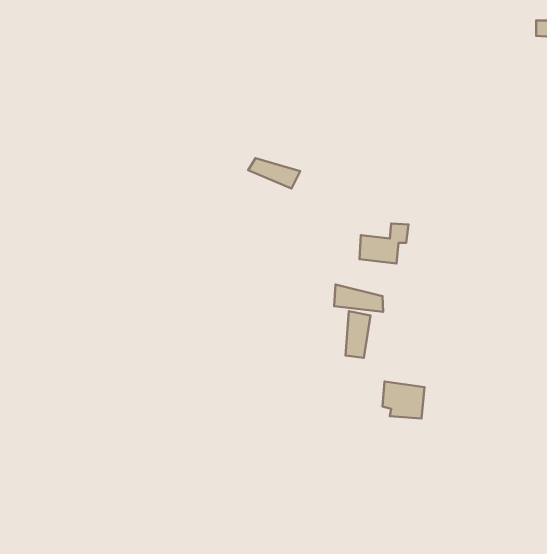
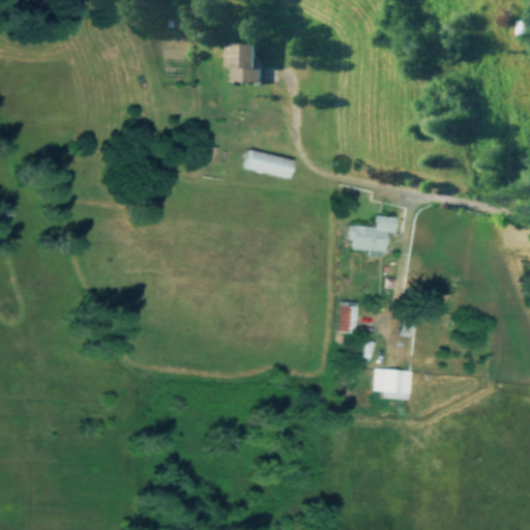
building: none -> [227,42,256,93]
building: [334,284,383,312] -> none

